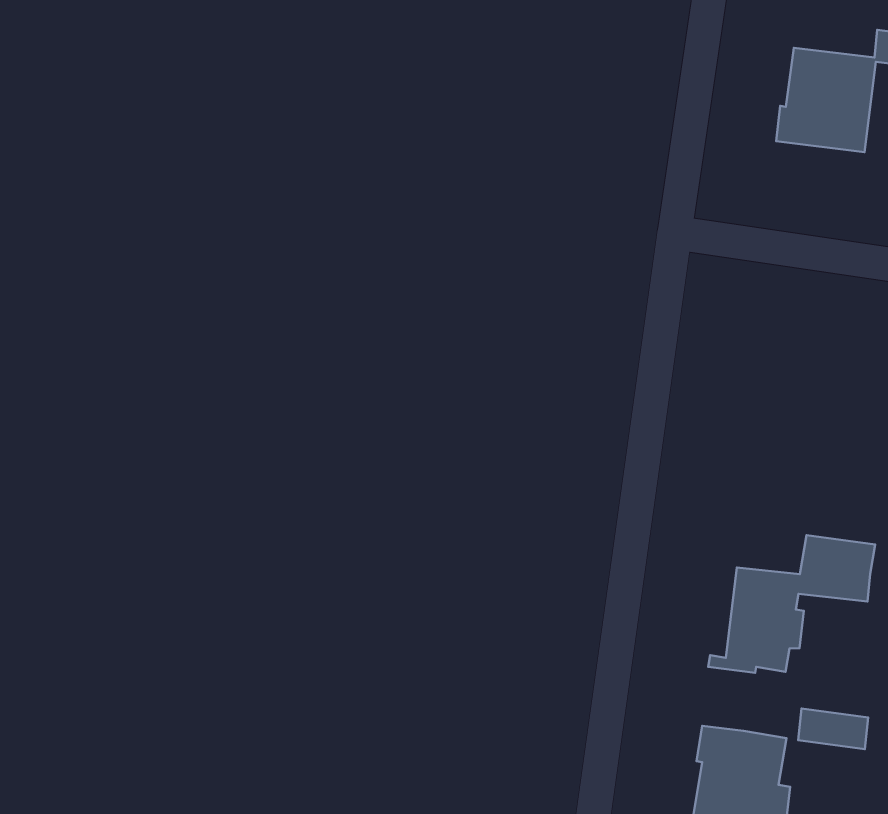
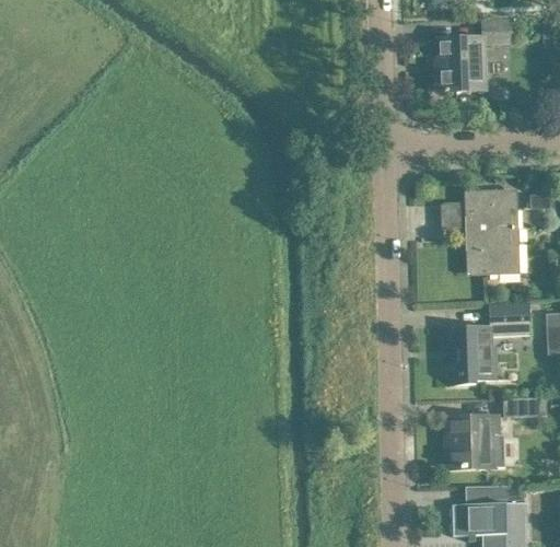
building: none -> [440,188,517,274]

